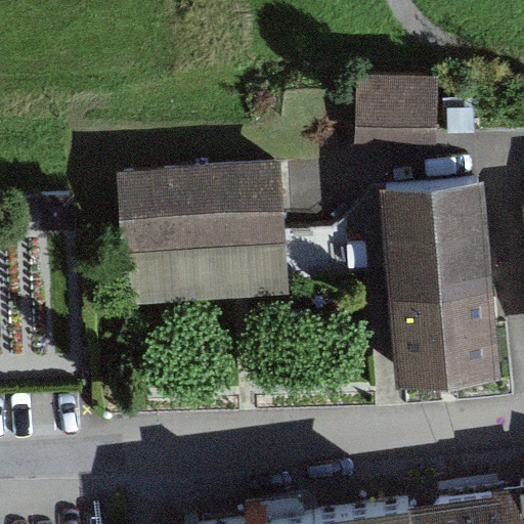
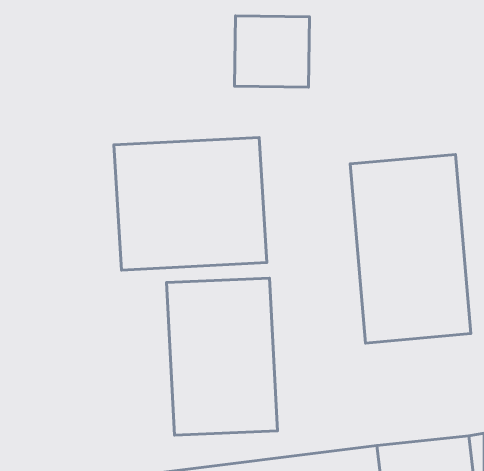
building: [355,91,436,168] -> [234,16,309,87]
building: none -> [166,278,278,435]

